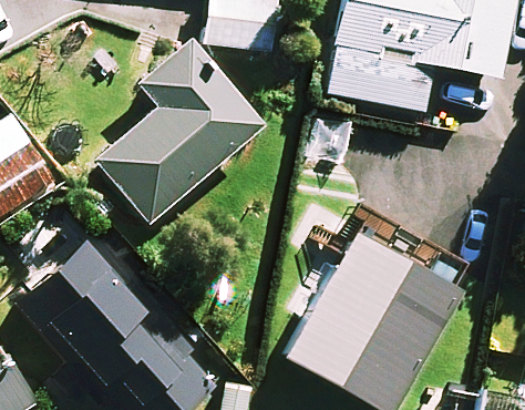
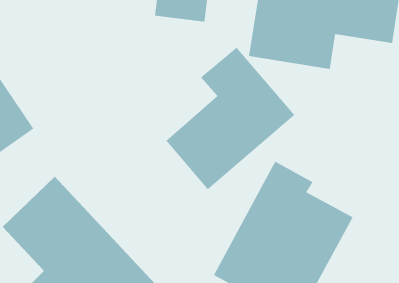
building: [99,44,259,222] -> [165,47,295,190]

